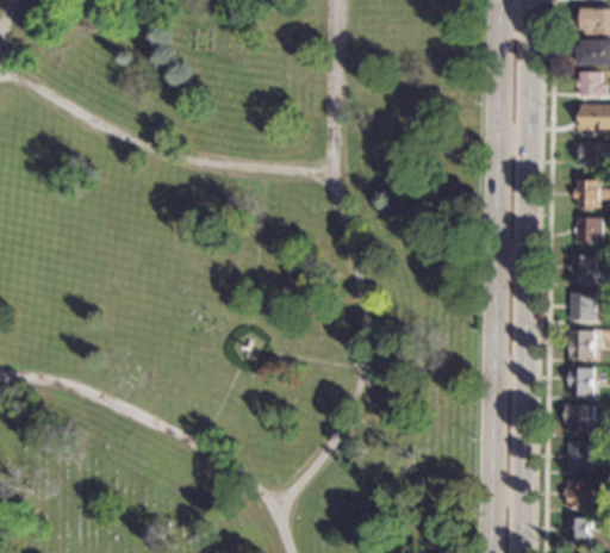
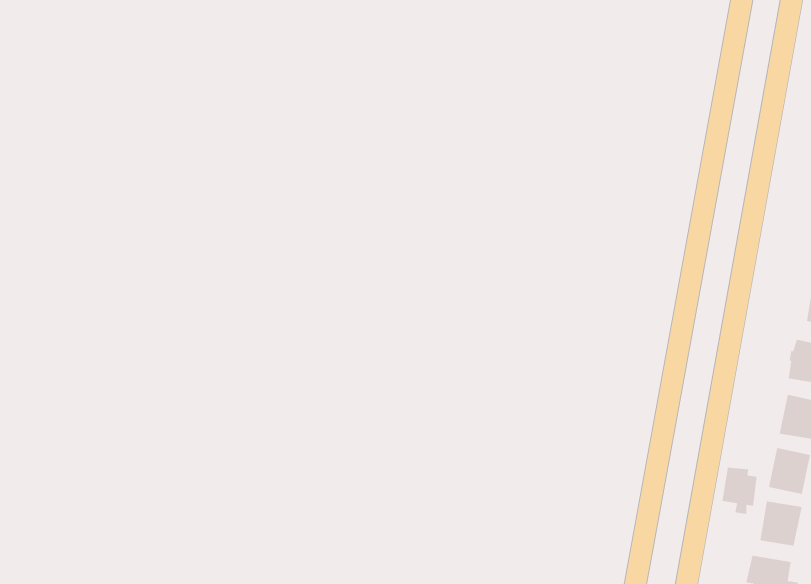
building: none -> [722,467,757,515]

